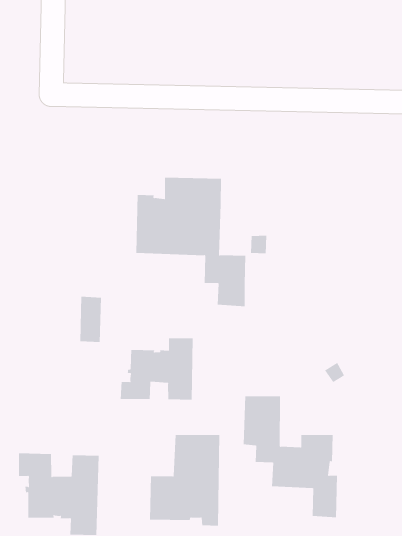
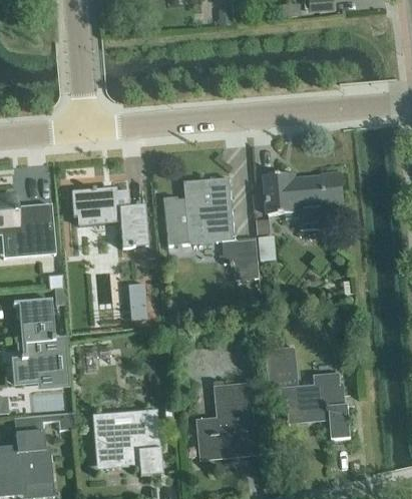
building: none -> [71,187,147,248]
building: none -> [265,173,342,229]
building: [120,337,193,401] -> none

